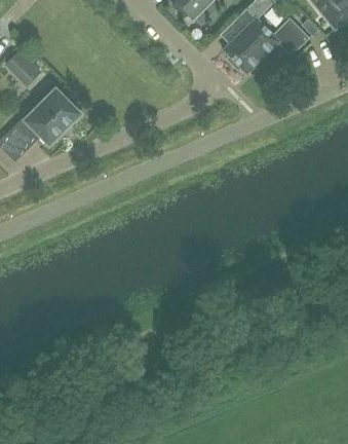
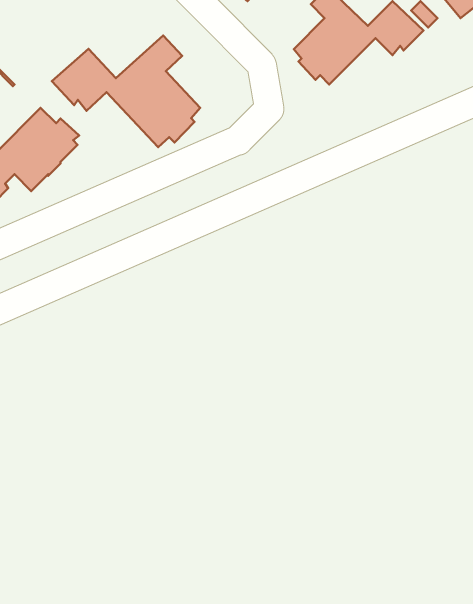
building: none -> [52,36,200,147]

